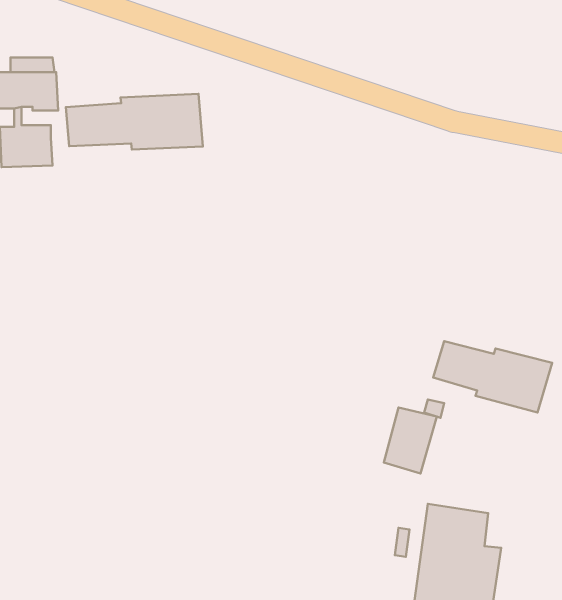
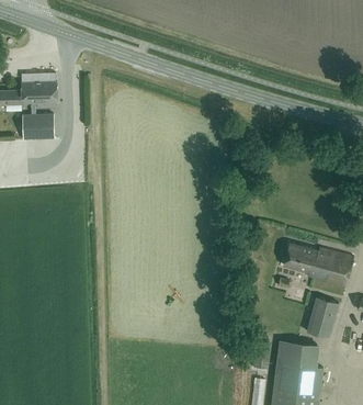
building: [66,94,203,149] -> none
building: [384,407,437,473] -> [306,299,338,338]

